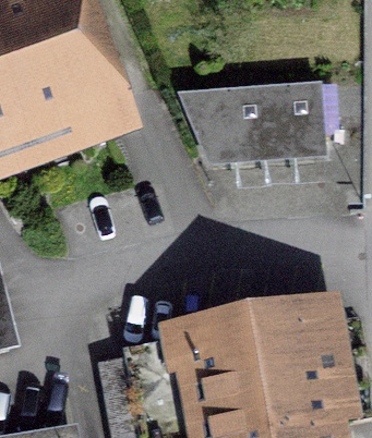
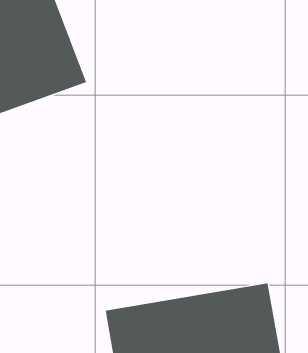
building: [228,94,322,150] -> none

